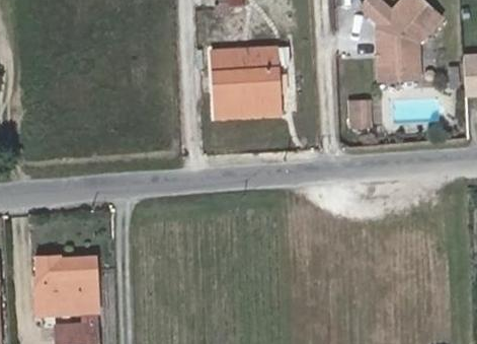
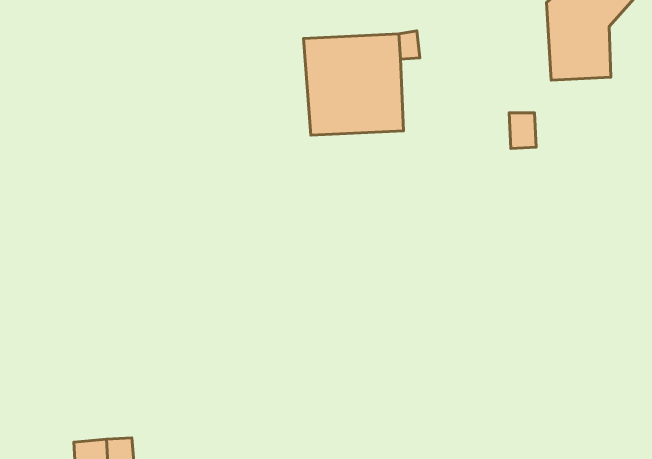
building: [33,256,97,314] -> none

